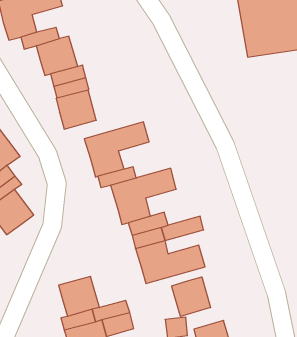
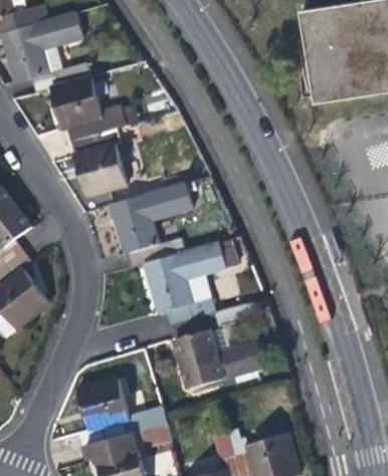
building: [172,277,211,316] -> none

